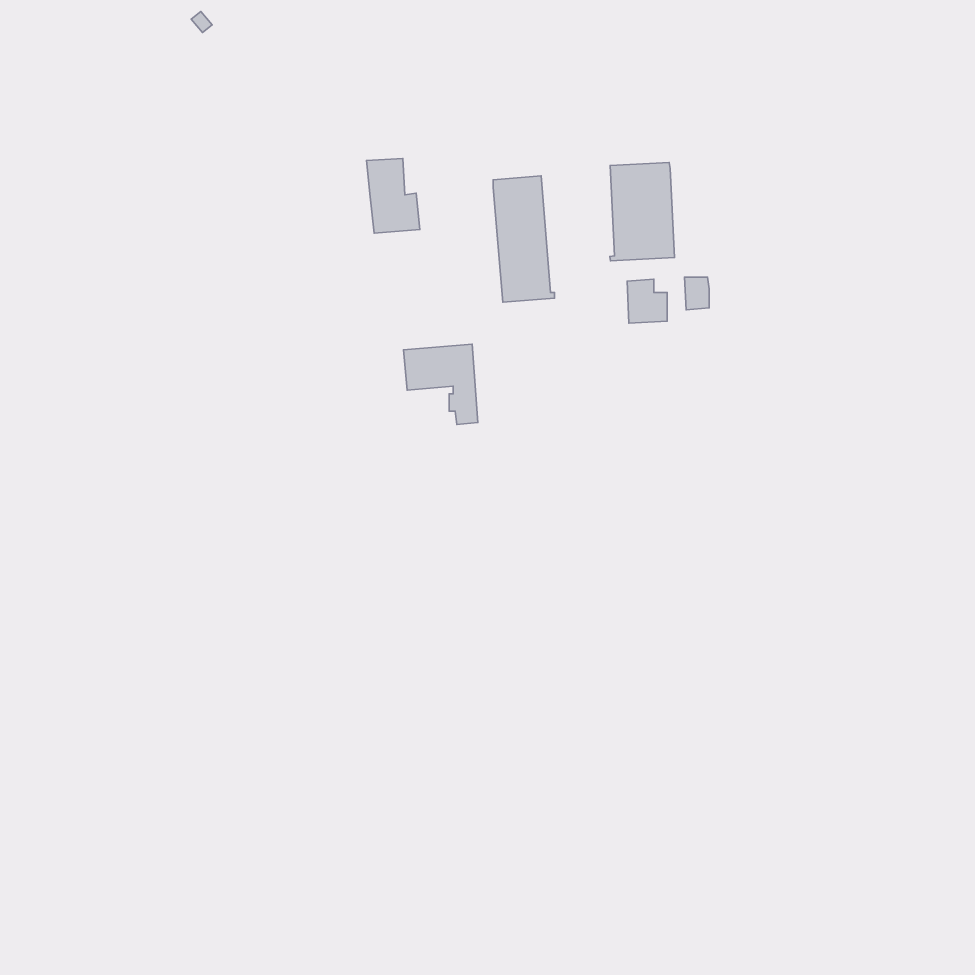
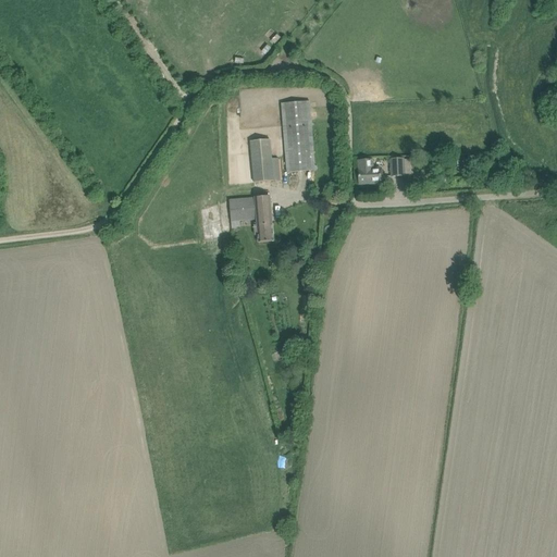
building: [366,159,420,233] -> [249,139,280,182]
building: [610,163,674,261] -> none

